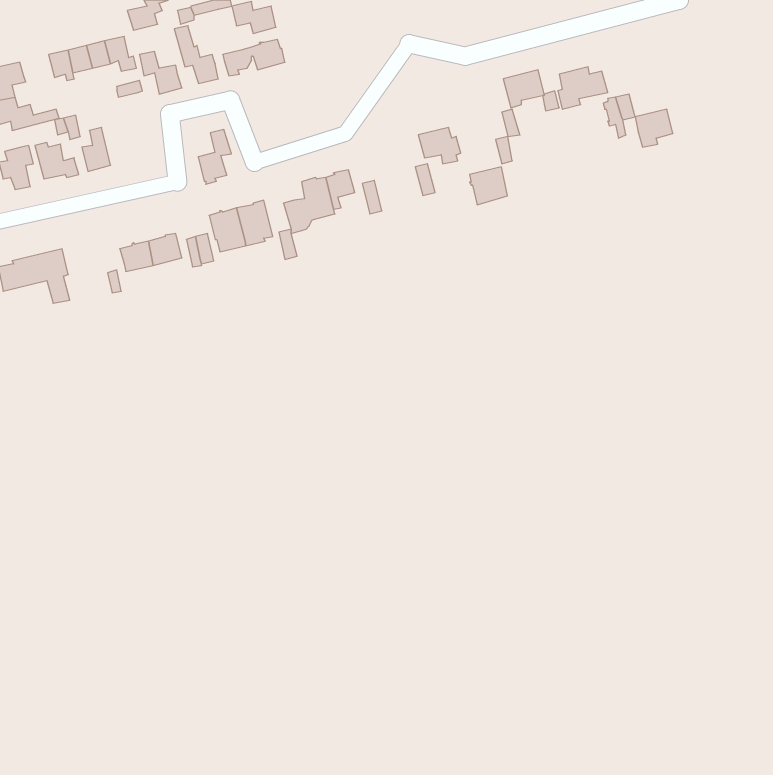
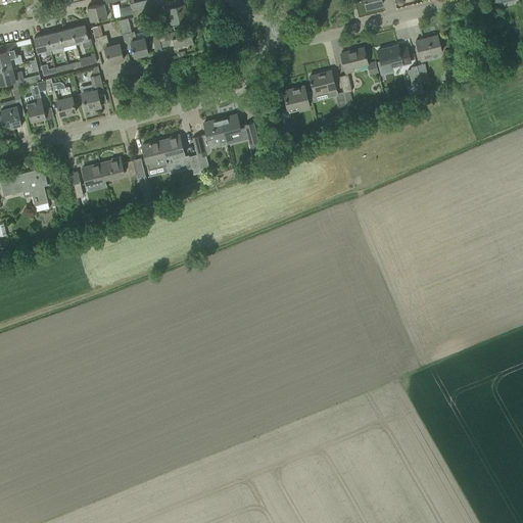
building: [635,109,673,147] -> [415,35,440,60]
building: [198,130,231,184] -> [81,75,103,111]
building: [470,167,507,205] -> [308,70,334,96]

